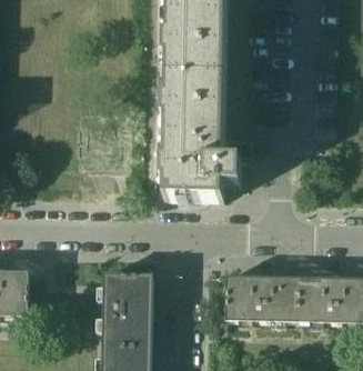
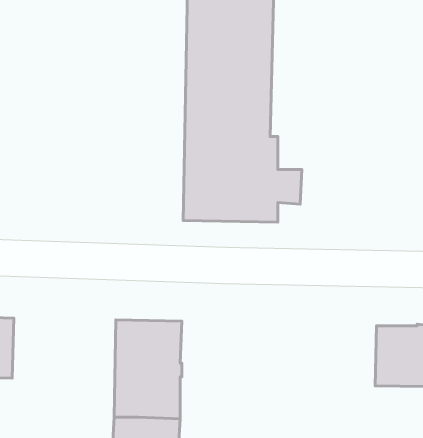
building: [226,274,299,321] -> none

